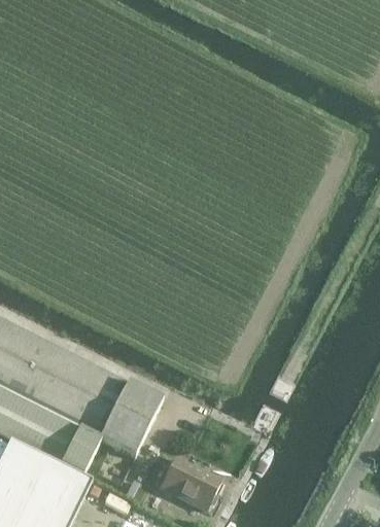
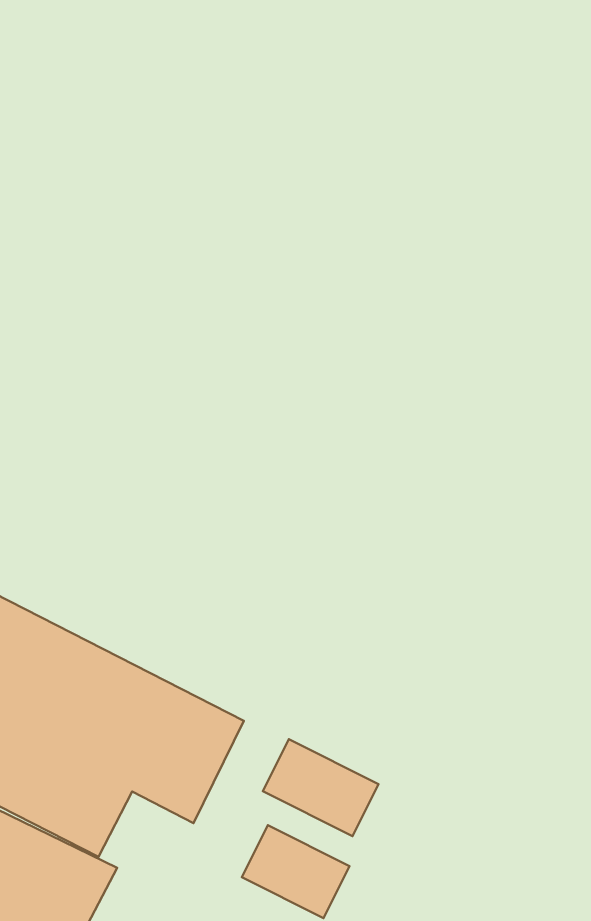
building: none -> [263,739,378,836]

